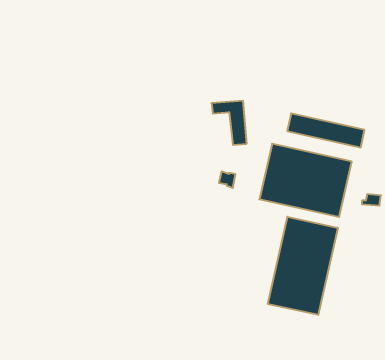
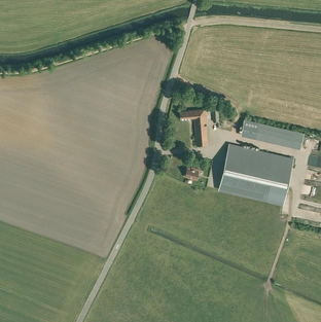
building: [268,217,338,315] -> none

